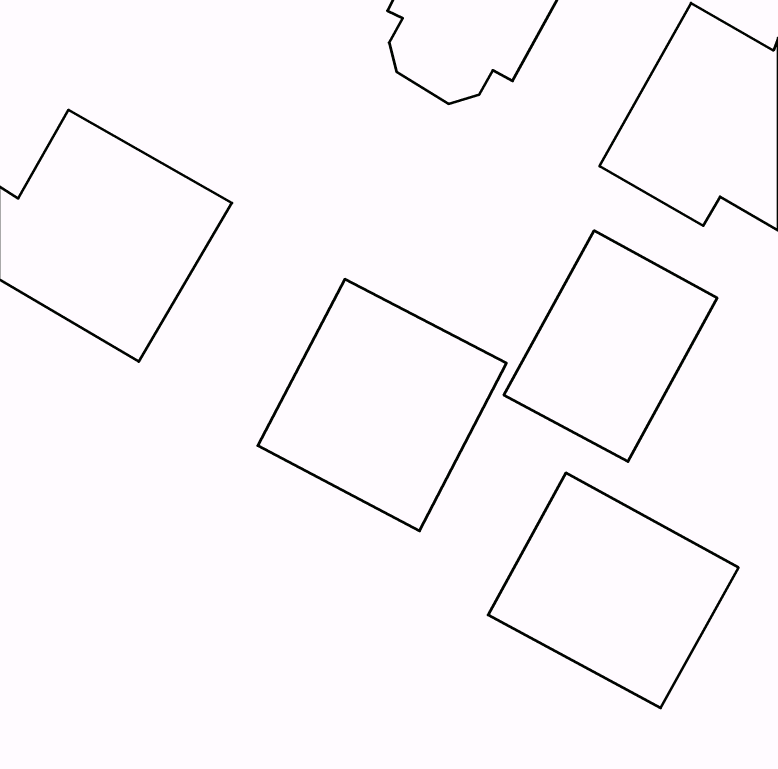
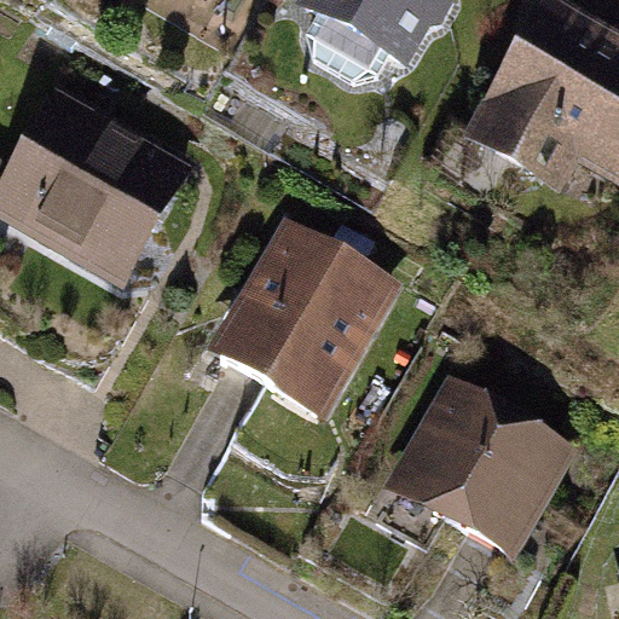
building: [504,231,717,462] -> none

